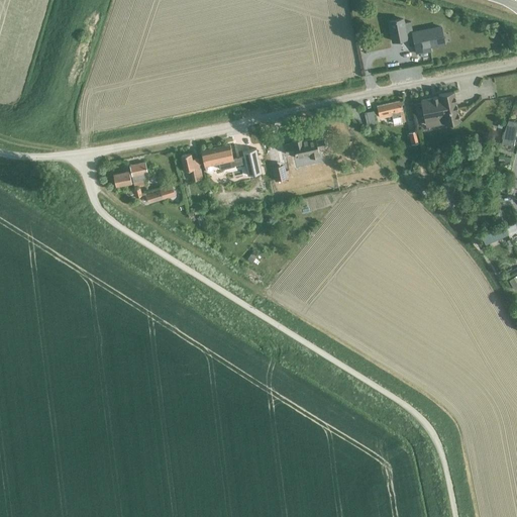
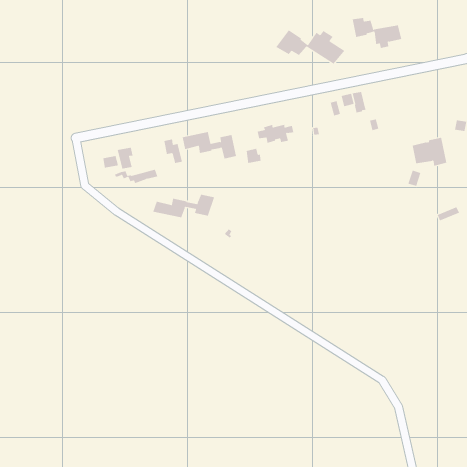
building: none -> [276,29,345,64]
building: [420,92,459,124] -> [412,137,447,167]
building: none -> [152,194,215,218]

